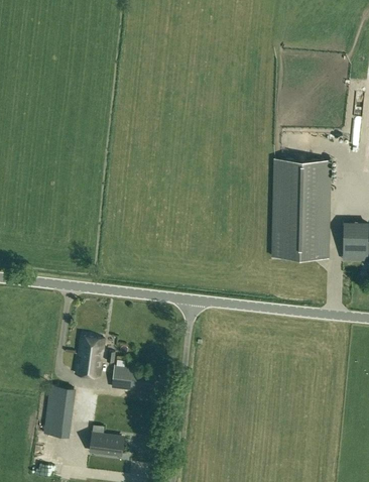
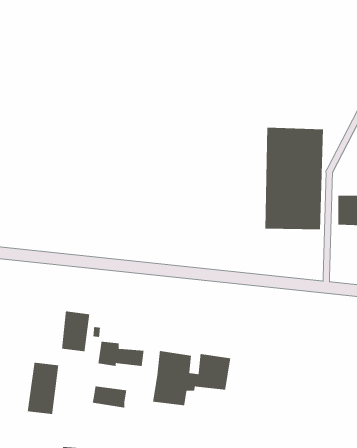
building: none -> [152,350,231,406]
building: [89,434,123,456] -> [92,386,127,409]

